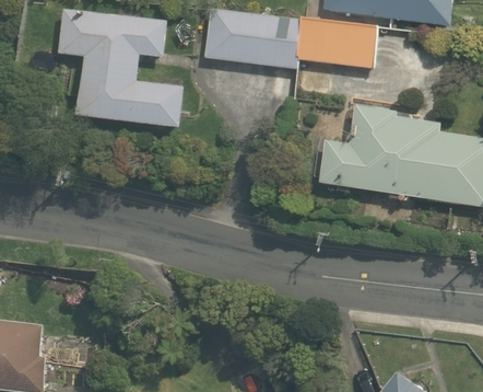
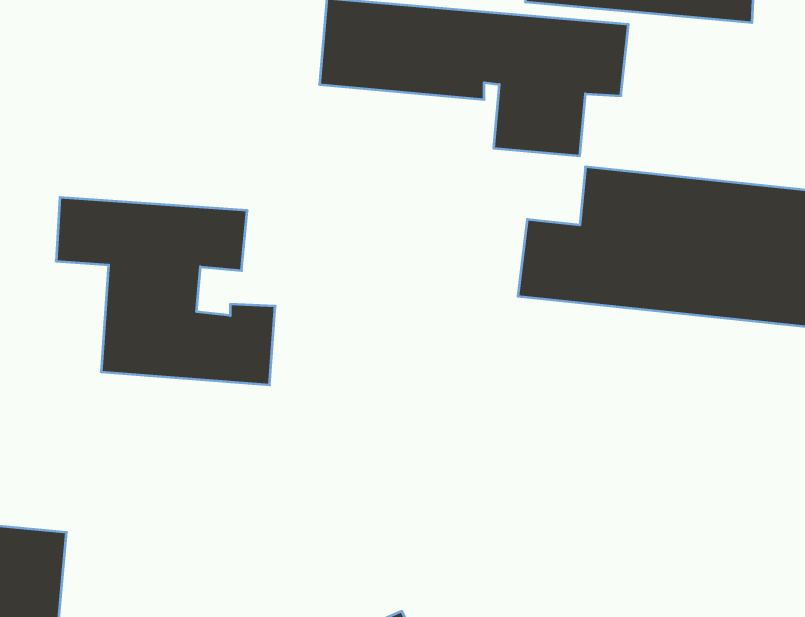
building: [52,14,180,124] -> [56,197,275,385]

